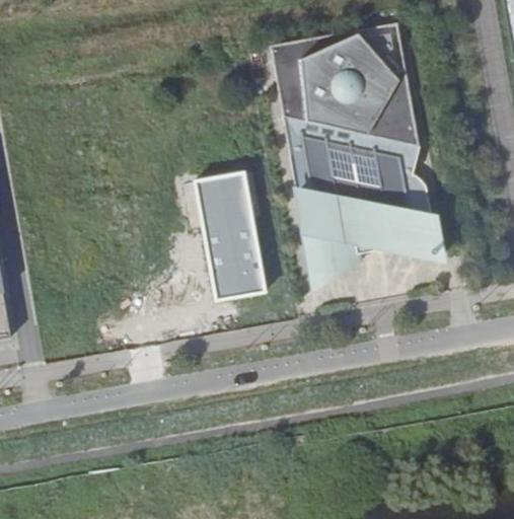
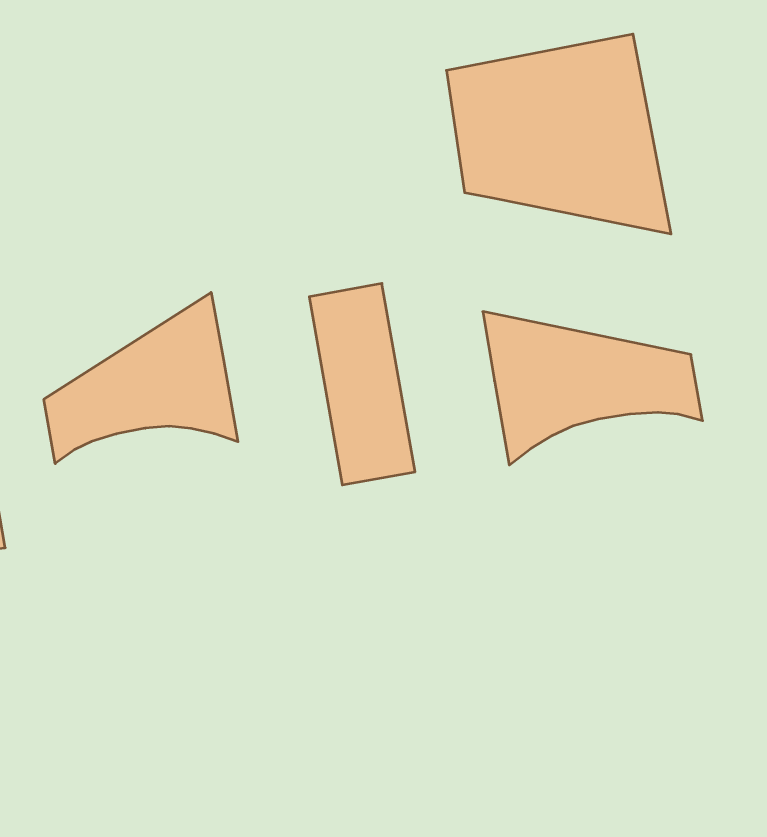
building: [292,119,431,218] -> none
building: none -> [44,292,238,464]

